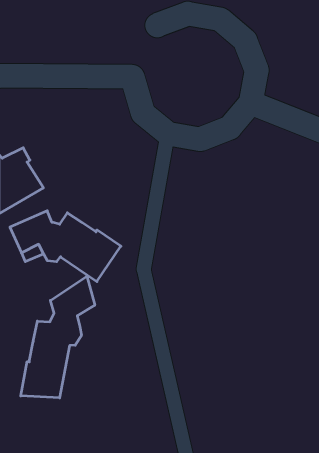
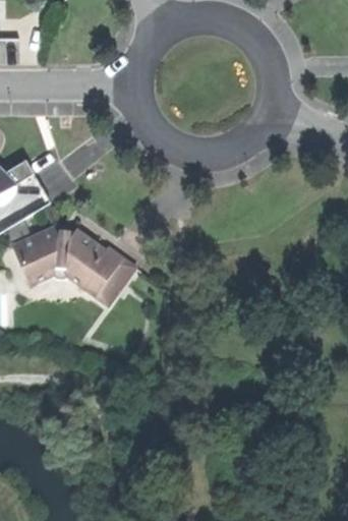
building: [21,276,95,398] -> none

